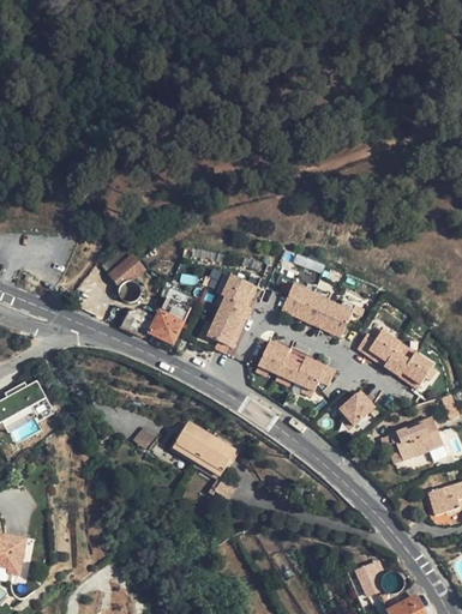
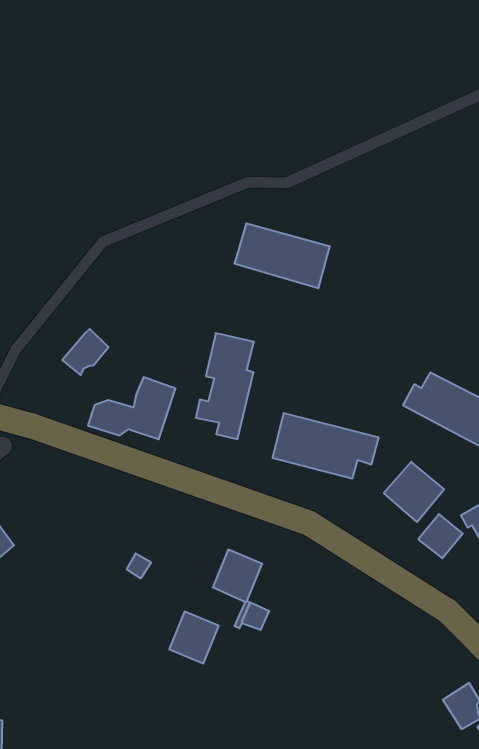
building: [282,282,355,338] -> [234,223,330,288]
building: [173,421,212,462] -> [169,611,219,663]
building: none -> [418,514,463,558]

